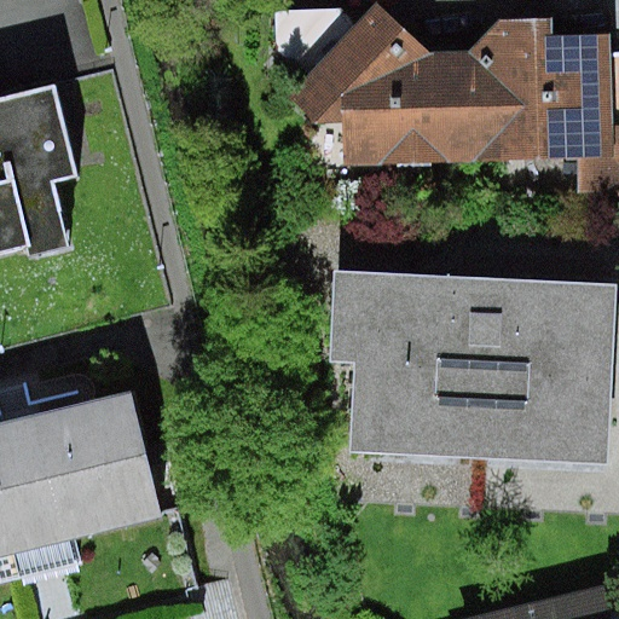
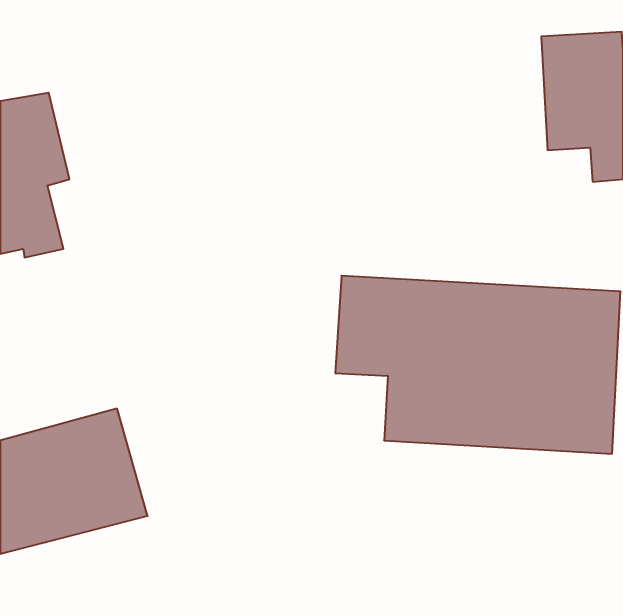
building: [300,19,543,149] -> none

